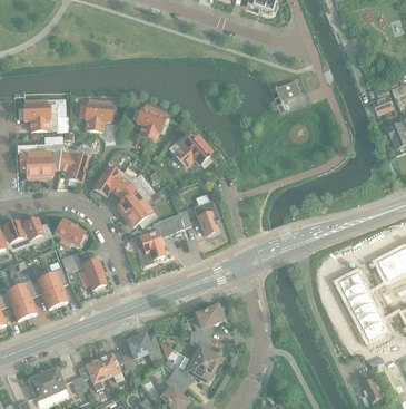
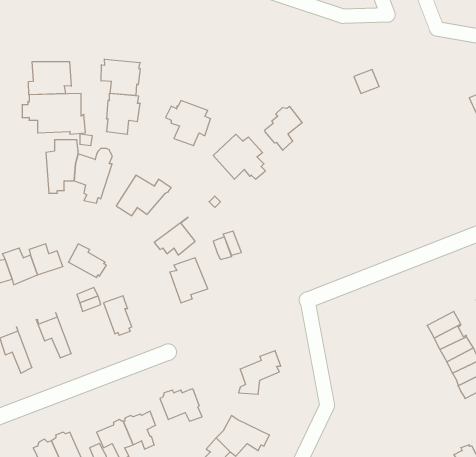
building: none -> [101,59,140,95]
building: none -> [29,62,71,95]
building: none -> [265,106,302,150]
building: [19,145,39,177] -> none
building: [117,176,149,216] -> none
building: [194,198,218,235] -> none
building: [44,265,67,304] -> none
building: [13,277,36,315] -> none
building: [188,335,218,369] -> none

